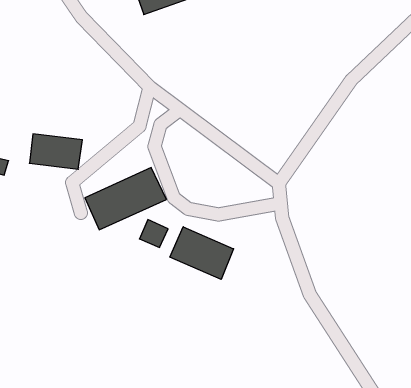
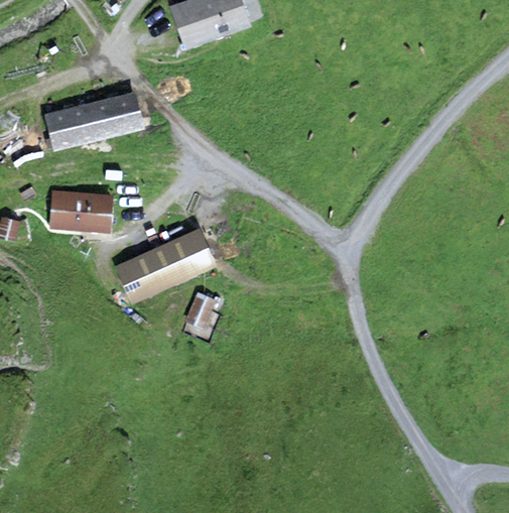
building: none -> [42,91,140,151]
building: [170,227,234,279] -> none

